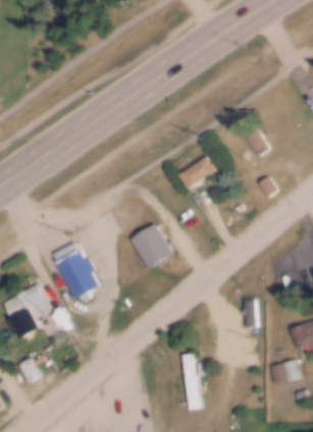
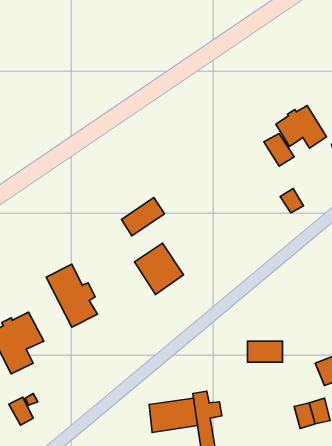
building: none -> [276,106,326,148]
building: [177,156,215,190] -> [121,197,164,236]
building: none -> [149,398,198,433]

